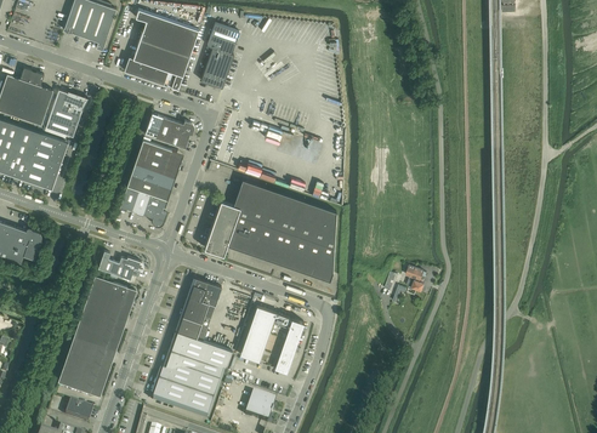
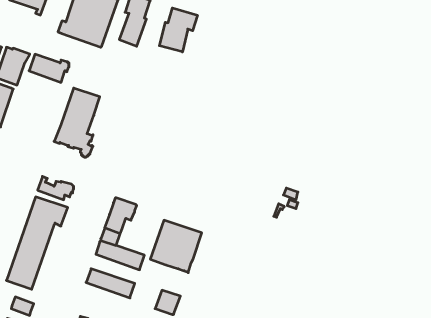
building: none -> [159,8,197,52]
building: [144,114,194,149] -> [29,54,69,82]
building: [204,178,336,280] -> none
building: [165,348,226,384] -> none
building: [153,383,214,420] -> none

